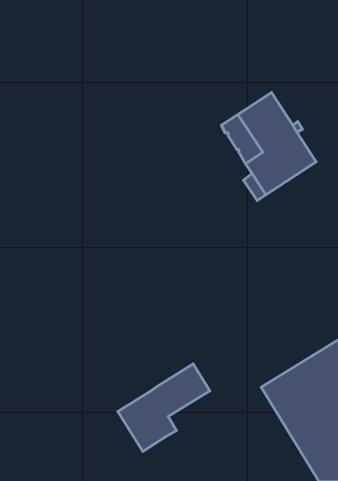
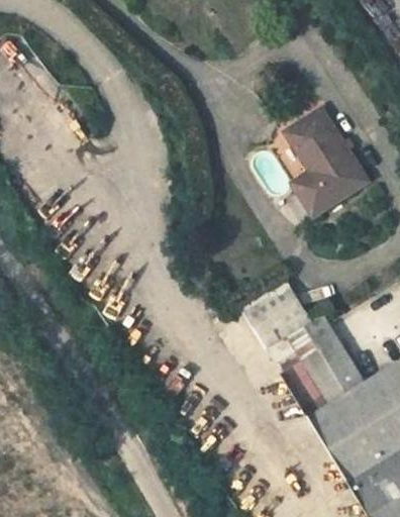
building: none -> [245,286,366,416]
building: [118,364,210,451] -> none

